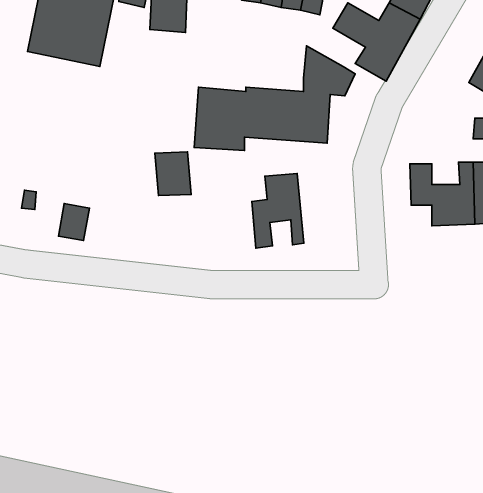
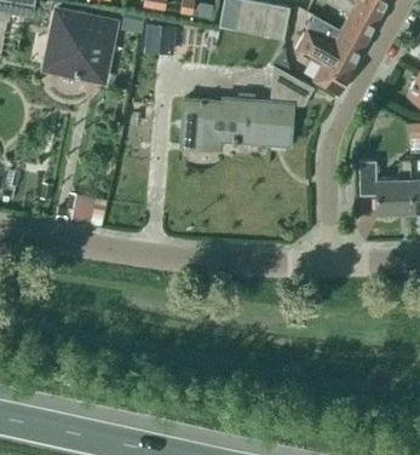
building: [155,152,191,196] -> none
building: [252,173,304,248] -> none

